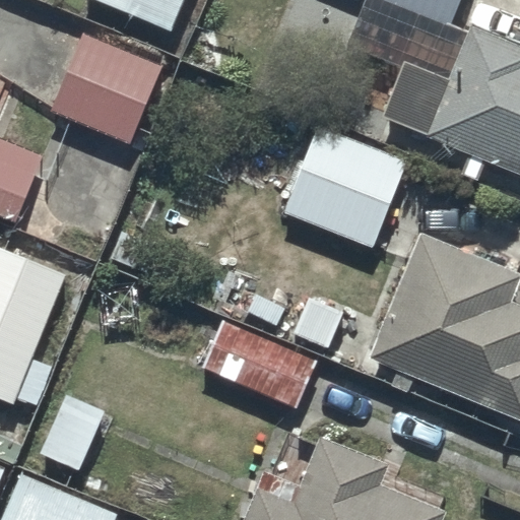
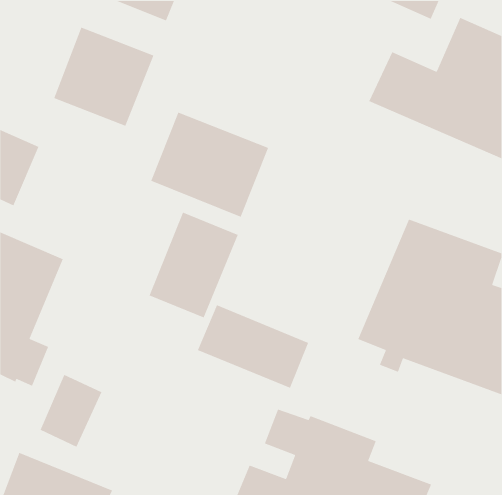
building: none -> [150,111,269,218]
building: [283,126,408,247] -> none
building: none -> [148,211,239,318]

